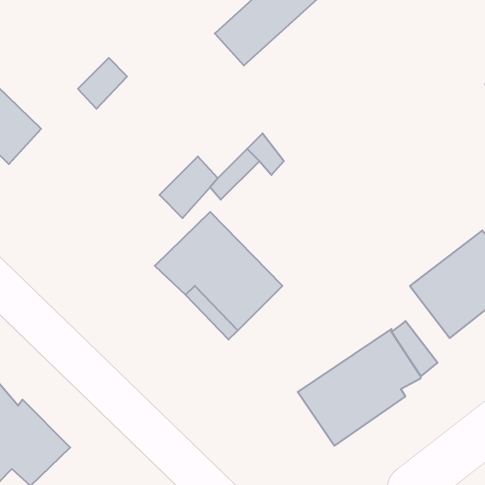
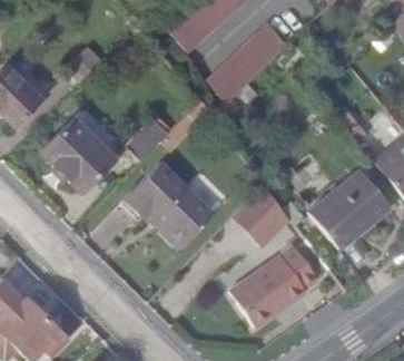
building: none -> [209,26,288,104]
building: none -> [47,117,117,187]
building: none -> [237,183,295,245]

